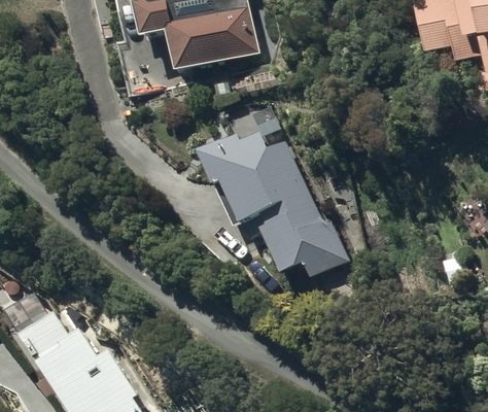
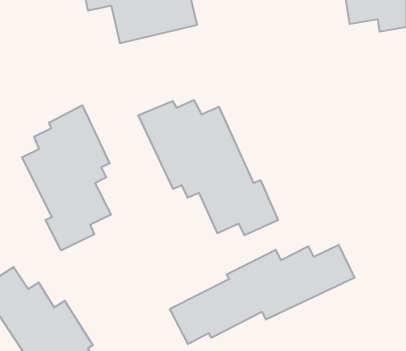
building: none -> [22,105,111,250]
building: none -> [170,245,355,344]

